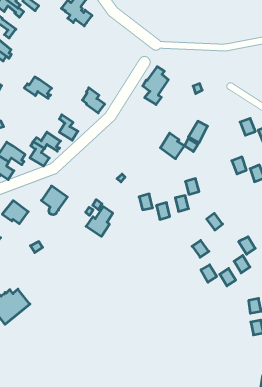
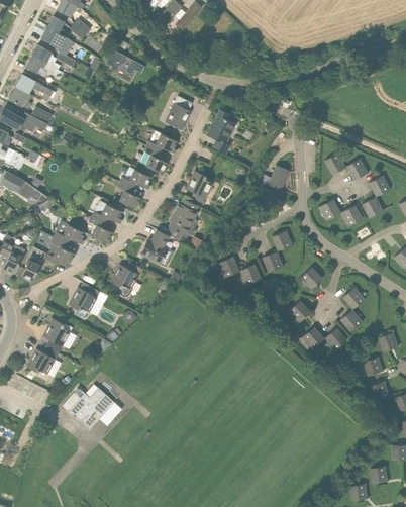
building: none -> [166,103,192,130]
building: none -> [146,130,178,154]
building: [24,77,52,98] -> [120,167,151,189]
building: [160,133,184,159] -> [187,170,214,198]
building: none -> [170,198,199,236]
building: [86,207,113,236] -> [141,229,170,264]

